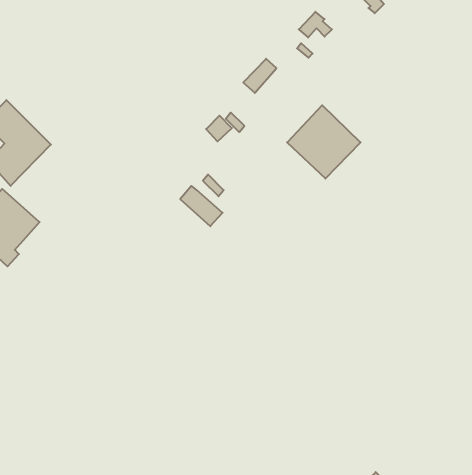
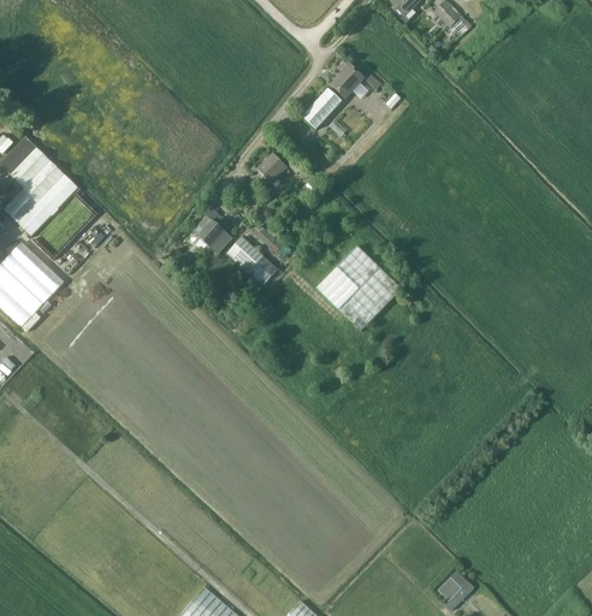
building: [299,12,332,38] -> [330,65,368,95]
building: [287,105,361,179] -> [315,244,401,330]
building: none -> [197,220,230,253]

